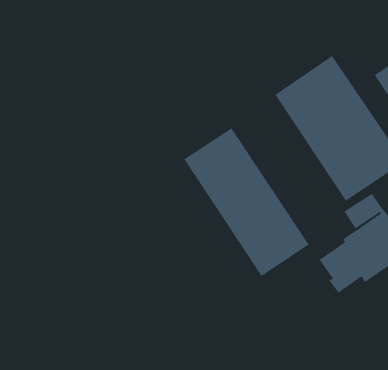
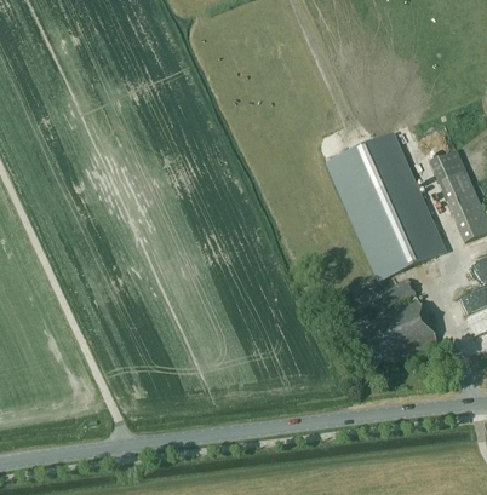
building: [184,128,310,277] -> none

